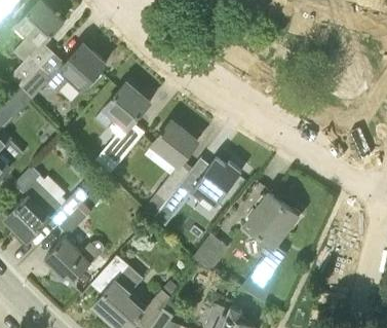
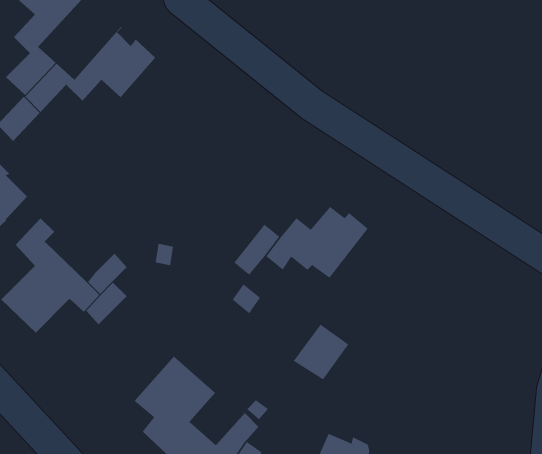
building: [99,81,151,171] -> none
building: [153,120,198,166] -> none
building: [242,194,298,301] -> none
building: [44,238,104,285] -> none

